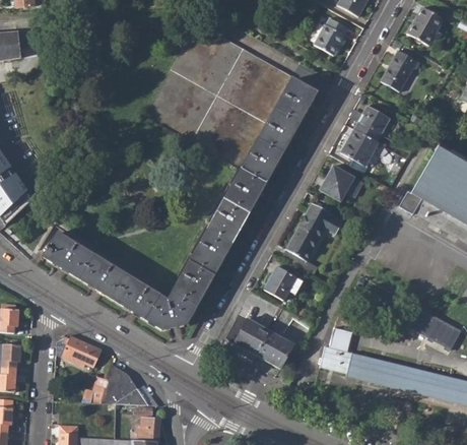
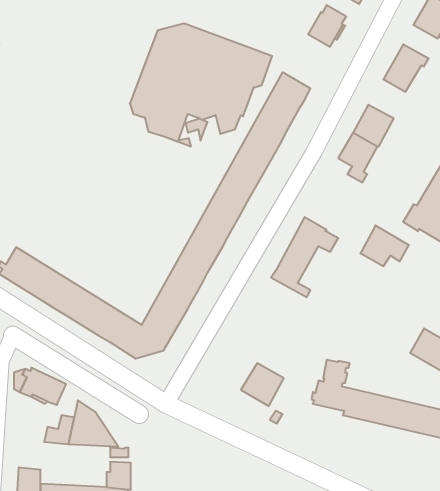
building: [320,166,362,201] -> [360,225,409,266]
building: [263,266,303,301] -> none
building: [234,318,270,355] -> none

